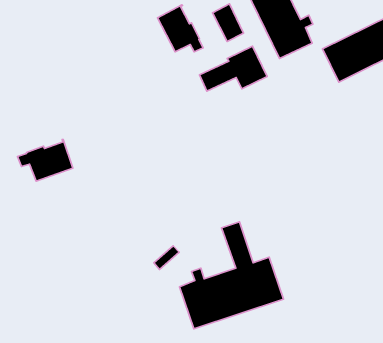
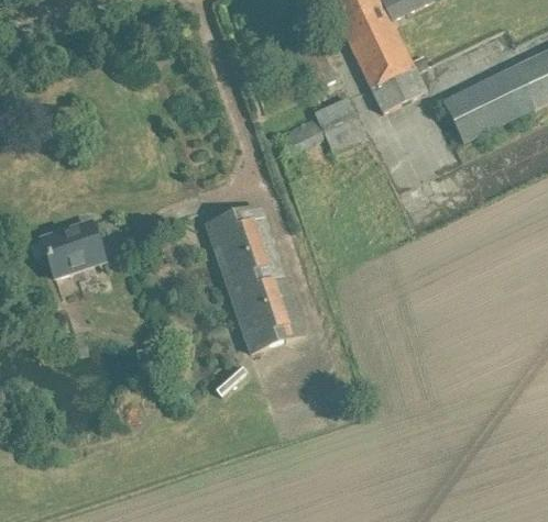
building: [158,5,203,52] -> none
building: none -> [206,207,303,354]
building: [179,222,283,329] -> none

